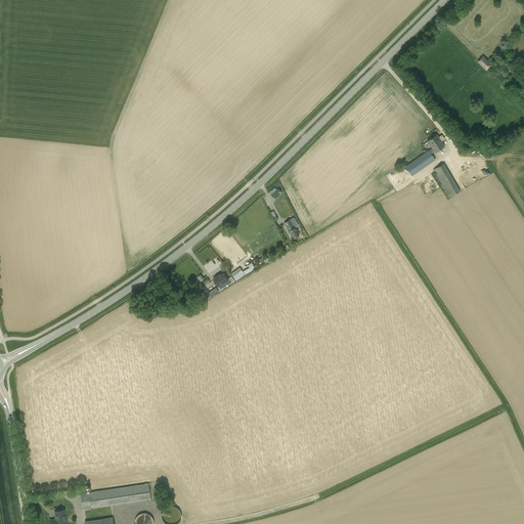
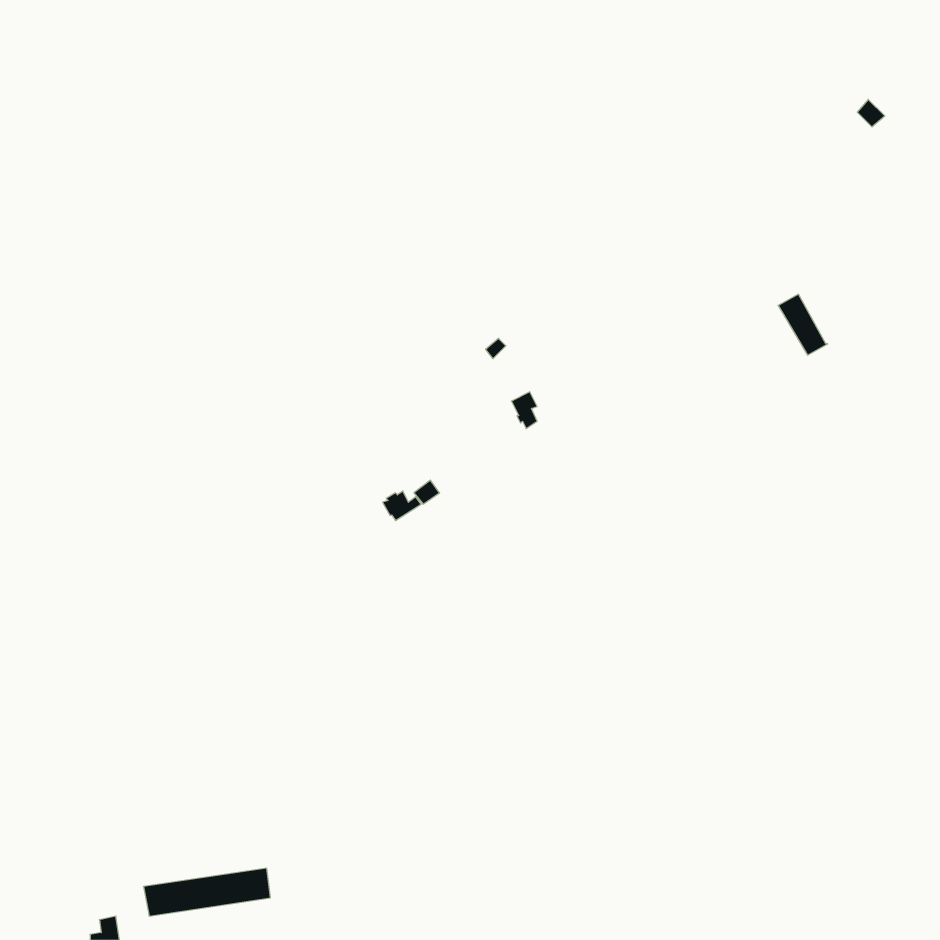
building: [405,135,444,176] -> none

